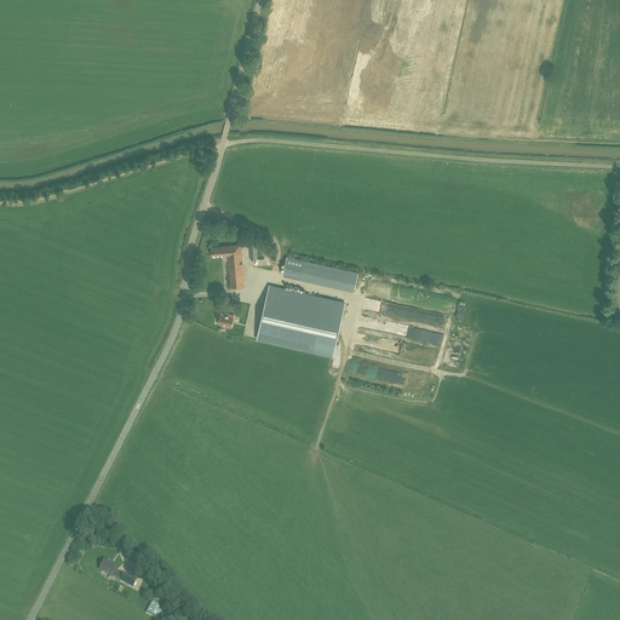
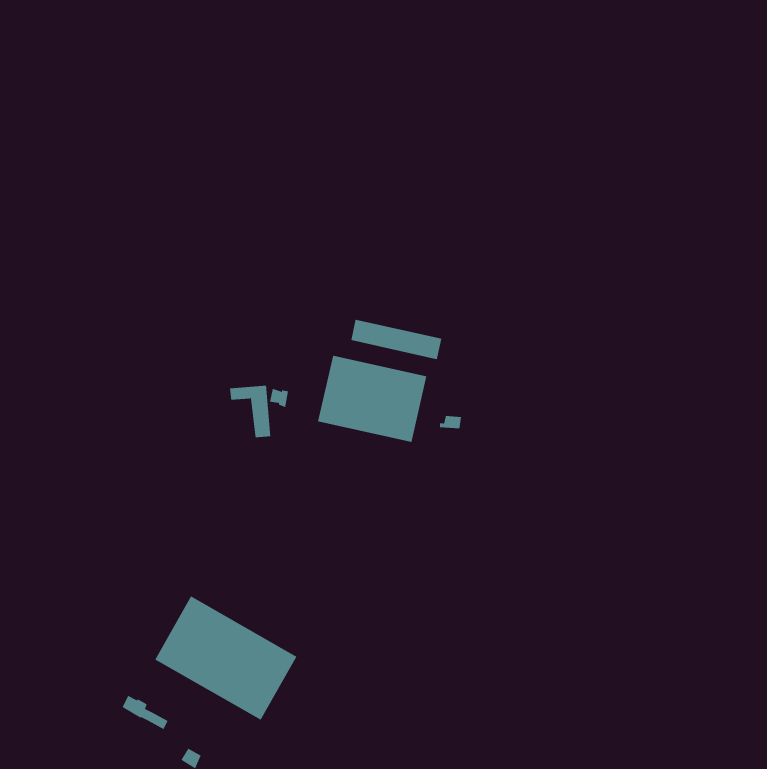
building: [209,245,243,287] -> [229,385,271,438]
building: none -> [155,596,297,721]

